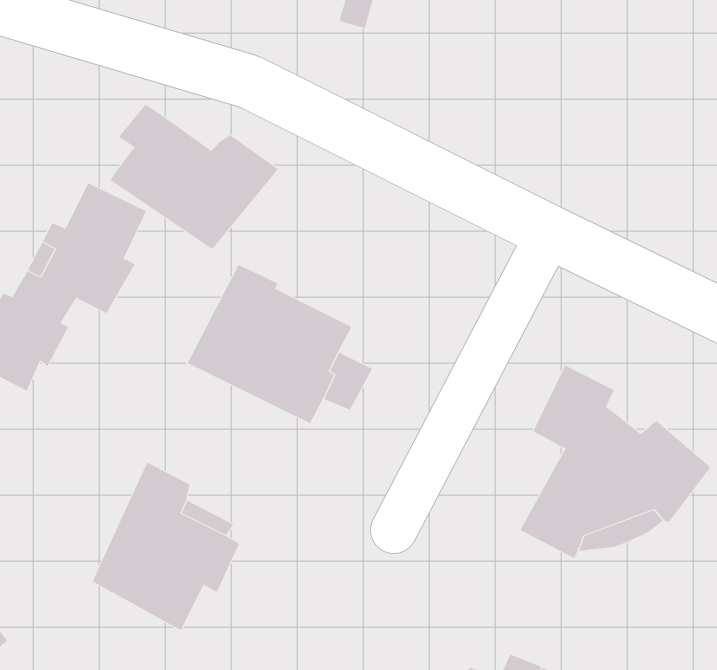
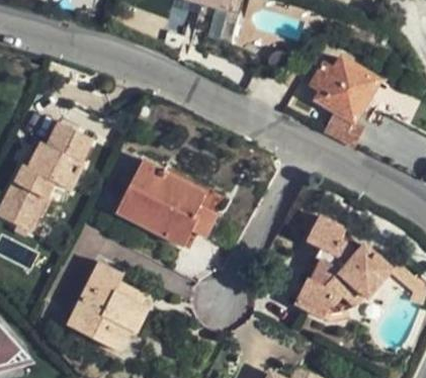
building: none -> [318,54,382,144]
building: [109,104,279,250] -> none

